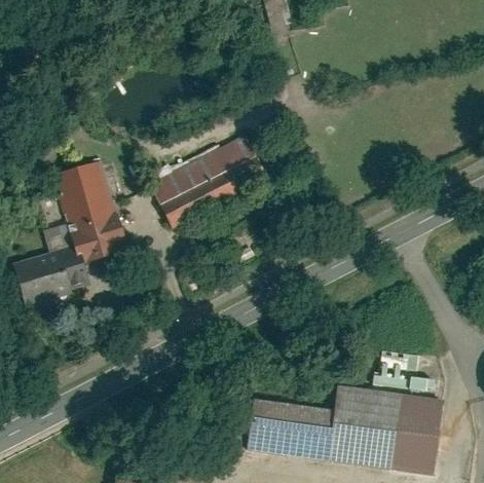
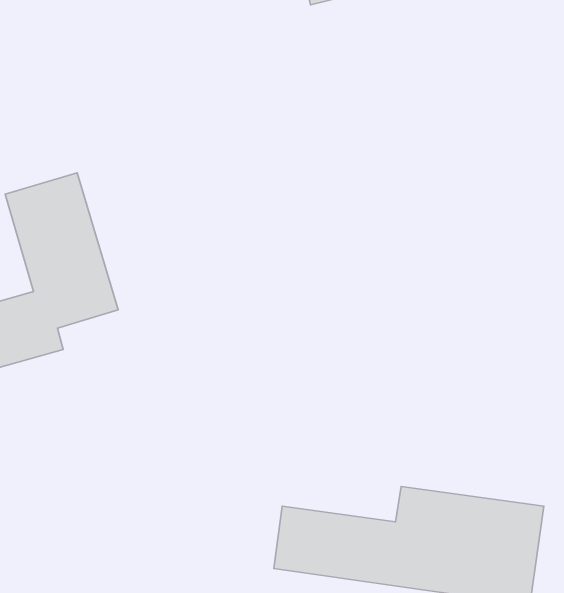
building: [151,136,269,229] -> none

